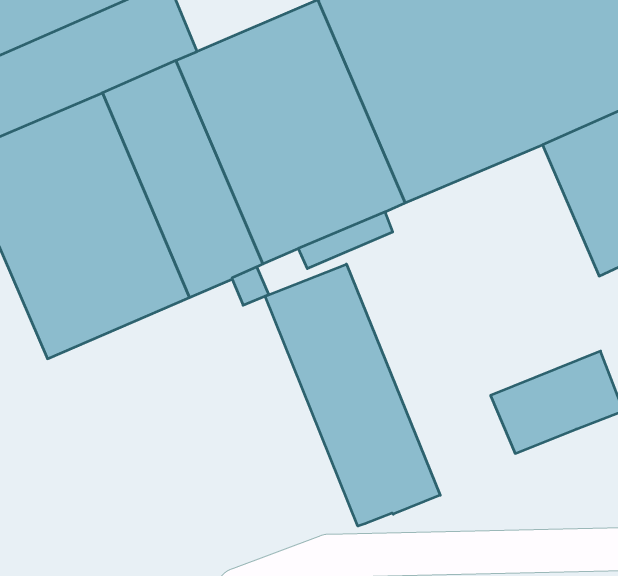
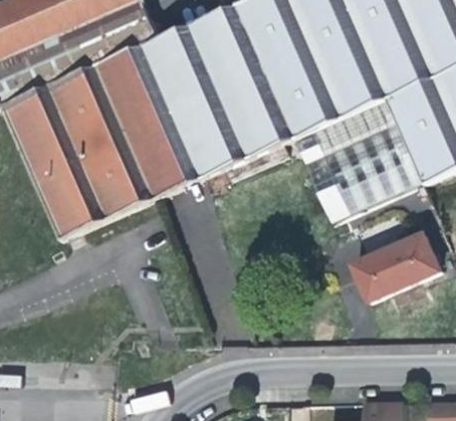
building: none -> [296,97,424,222]
building: [265,264,440,526] -> none

